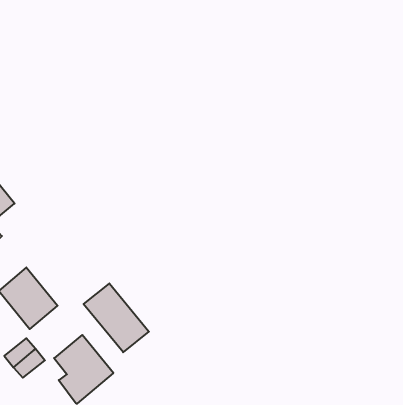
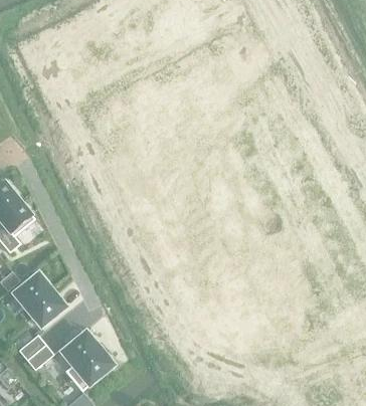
building: [84,283,149,352] -> none

